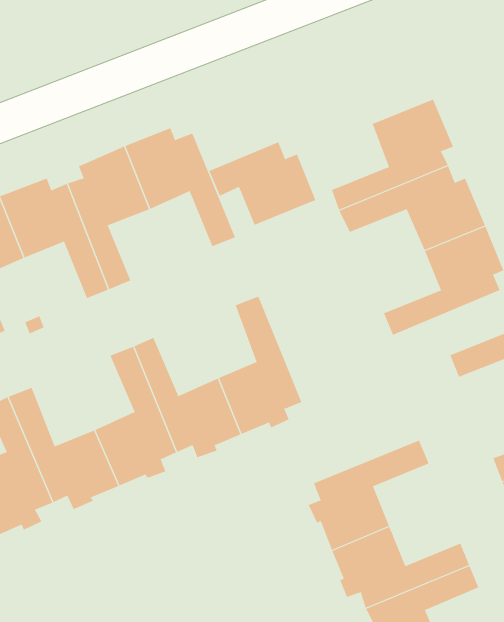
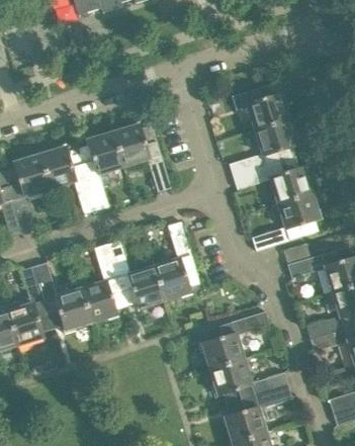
building: [208,141,316,225] -> [231,83,290,129]

